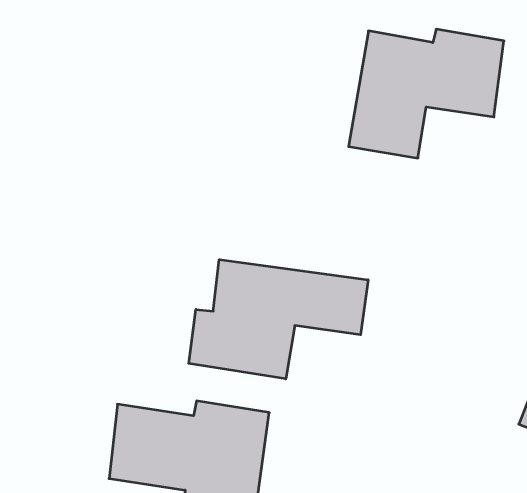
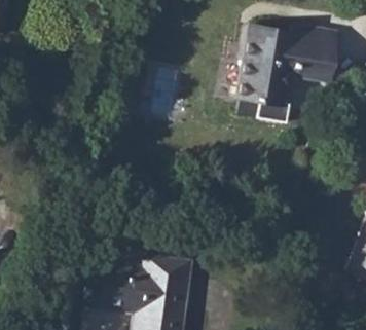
building: [189,260,368,379] -> none

